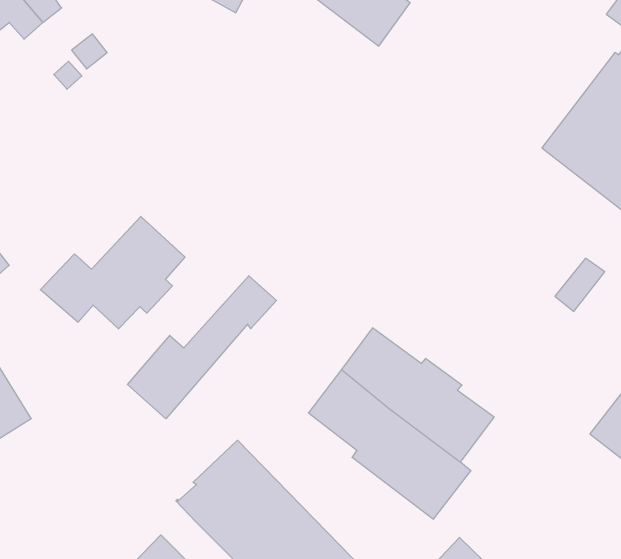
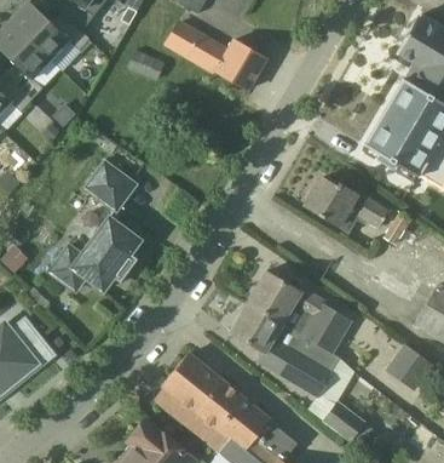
building: none -> [86,161,135,210]
building: none -> [305,178,390,233]
building: [127,276,276,419] -> none
building: none -> [385,343,432,390]

